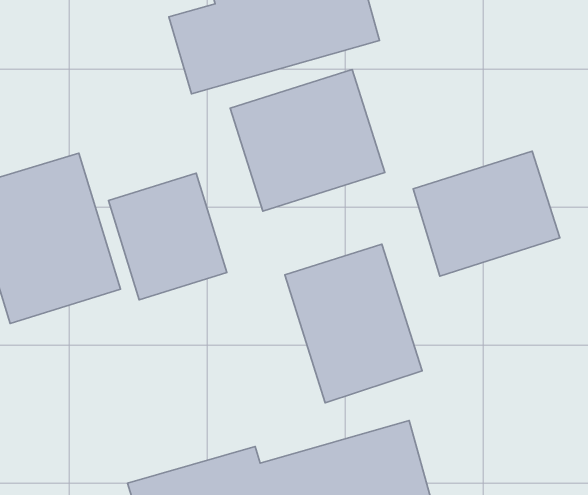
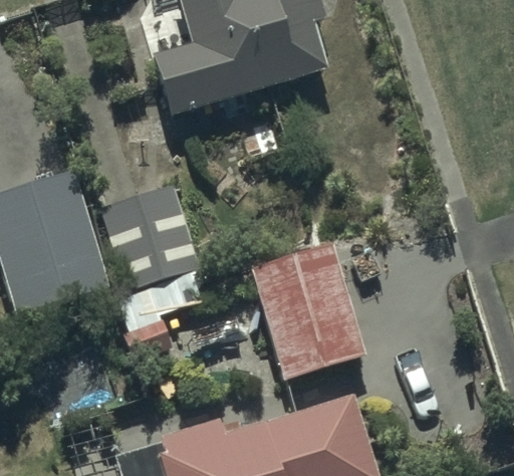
building: [230,69,385,211] -> none
building: [413,151,560,276] -> none

